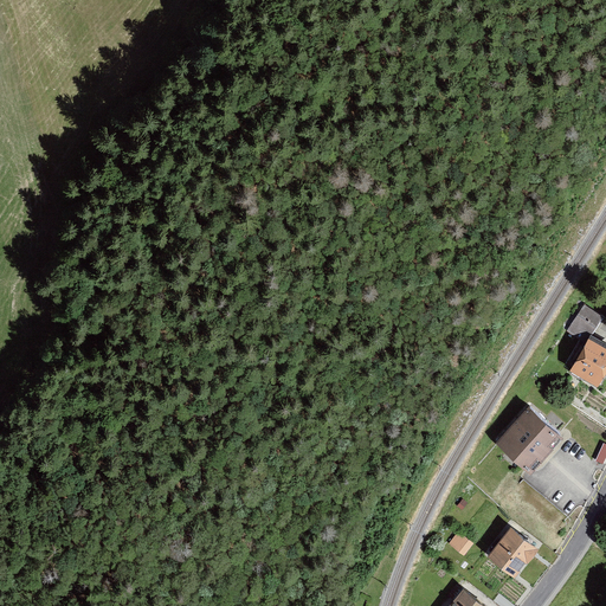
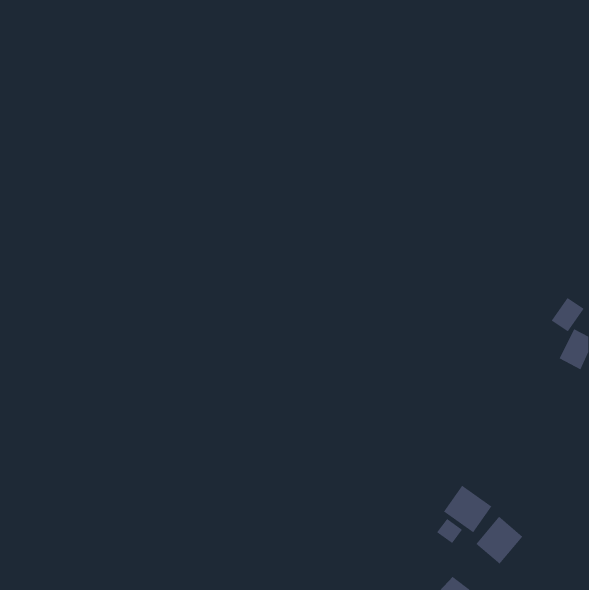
building: [498,408,556,466] -> none
building: none -> [443,485,492,533]

